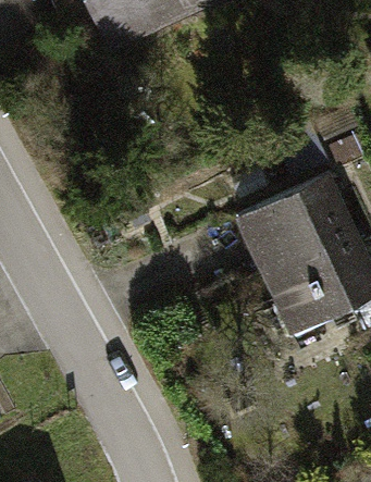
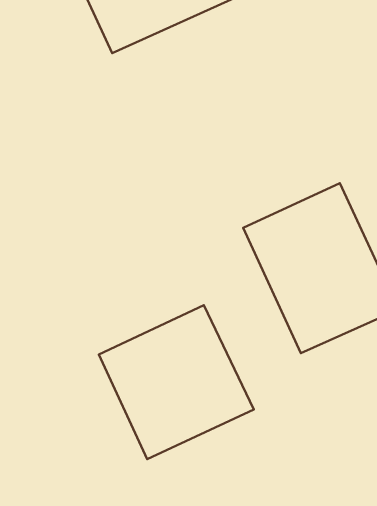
building: none -> [99,305,254,459]

